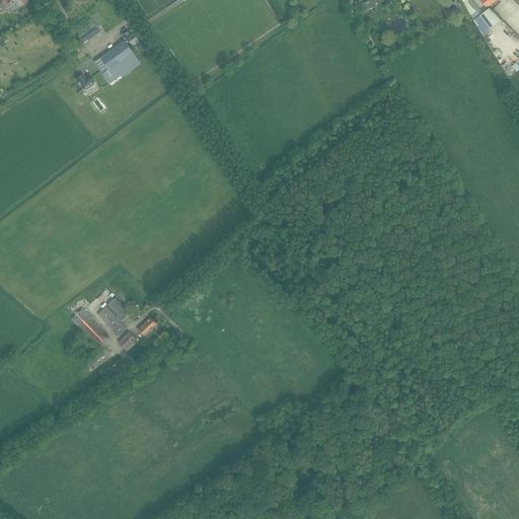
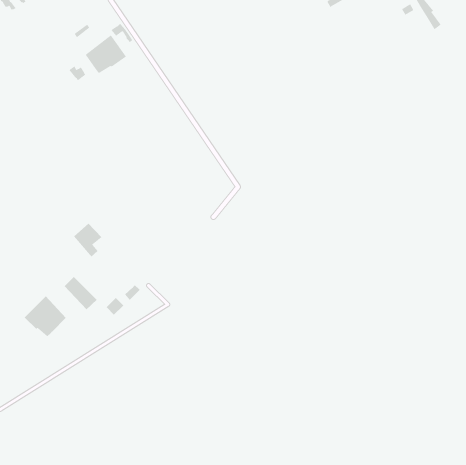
building: [98,296,131,335] -> [73,223,102,257]
building: none -> [24,296,66,337]

